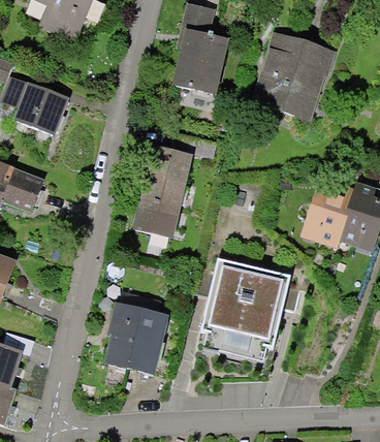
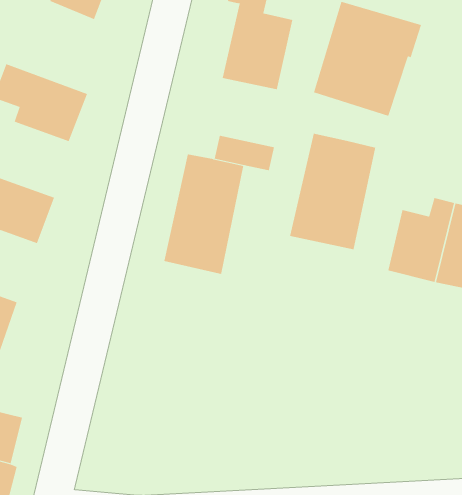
building: none -> [290,133,376,250]
building: [200,257,295,356] -> none
building: [103,306,169,375] -> none

